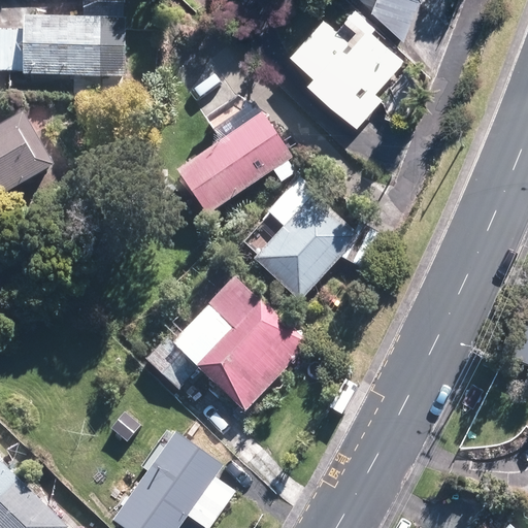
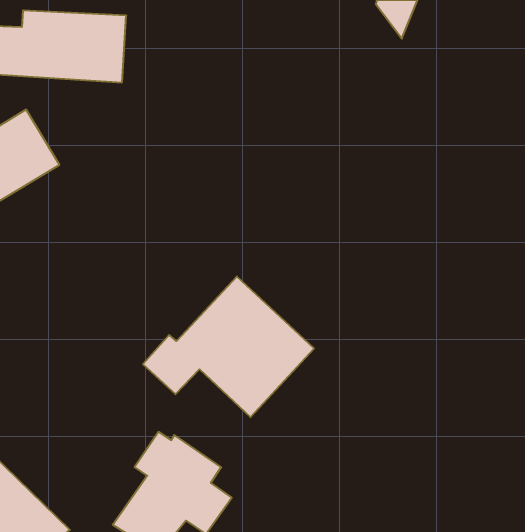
building: [289,5,400,124] -> none
building: [178,104,293,213] -> none
building: [253,177,385,300] -> none

